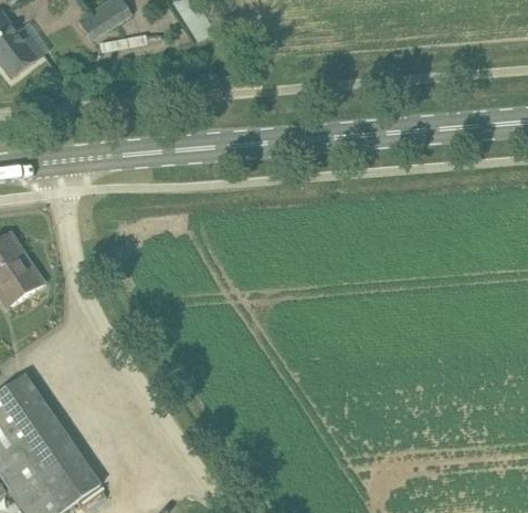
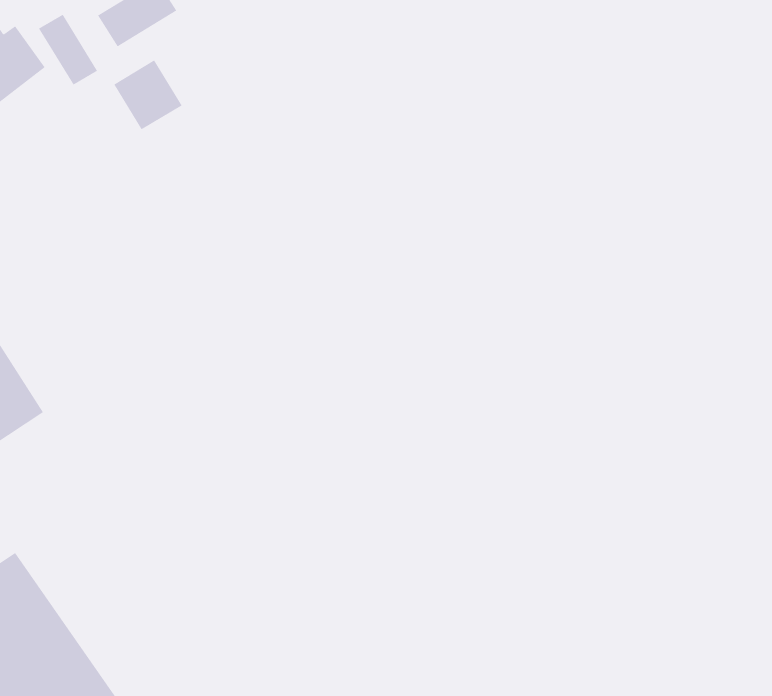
building: none -> [38,14,98,85]
building: none -> [113,60,183,130]

